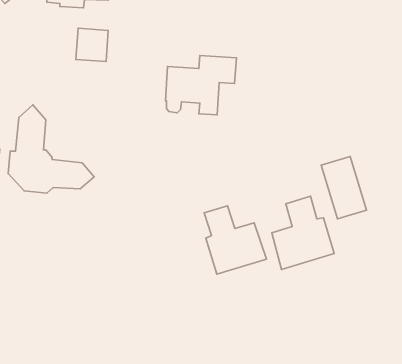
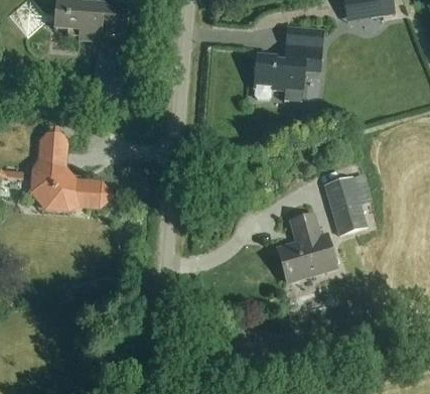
building: [165,56,237,115] -> [254,45,320,101]
building: [204,206,266,274] -> none

